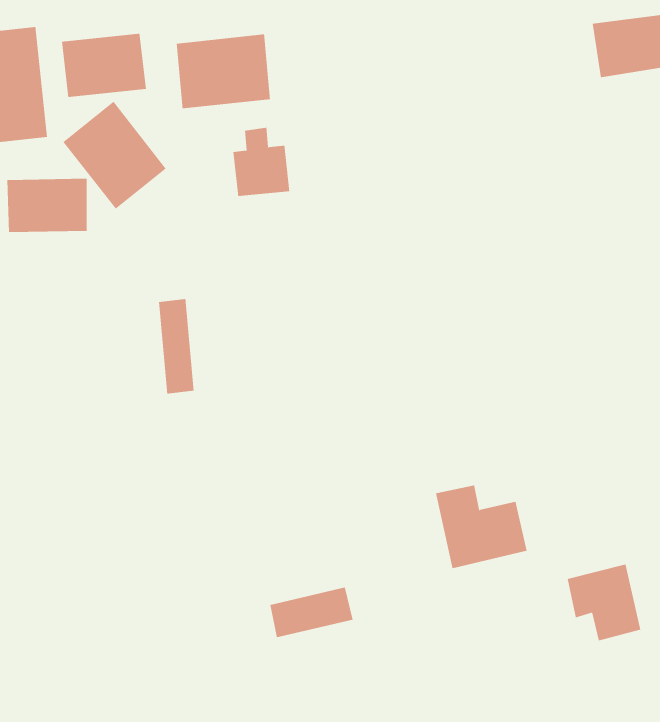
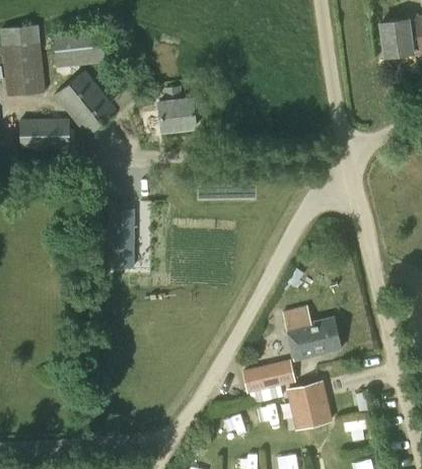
building: [176,34,271,109] -> none
building: [567,564,641,641] -> [286,382,332,429]
building: [270,587,354,638] -> [242,360,294,392]

